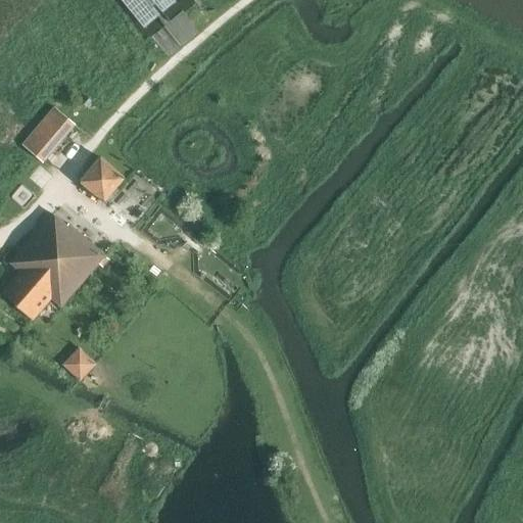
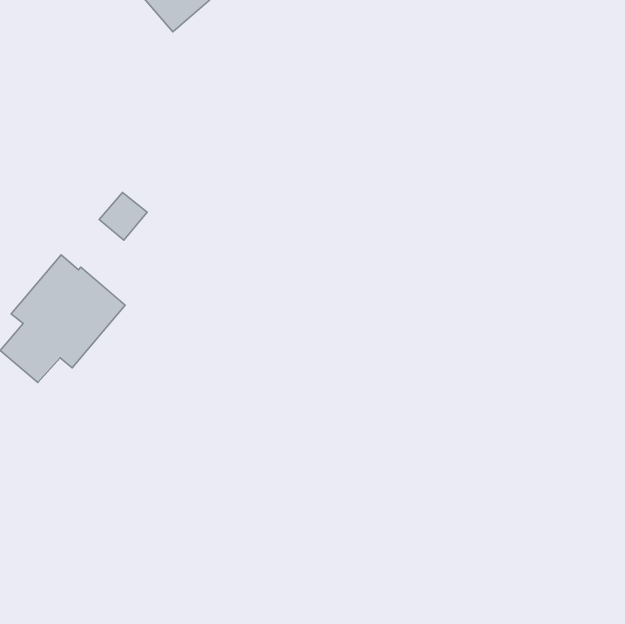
building: [20,105,75,161] -> none
building: [61,346,93,378] -> none

